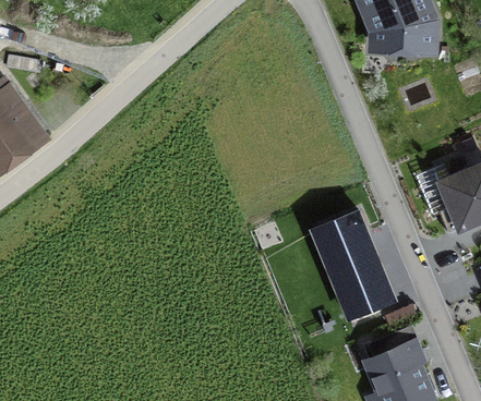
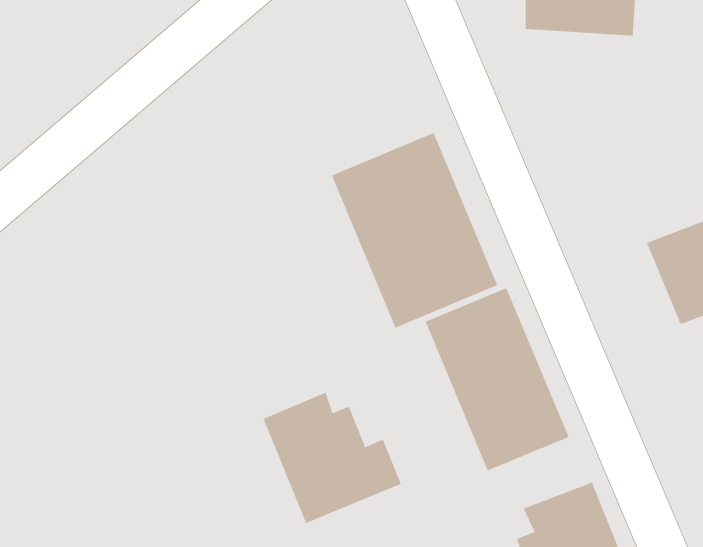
building: none -> [331,132,498,329]
building: none -> [263,392,401,524]

